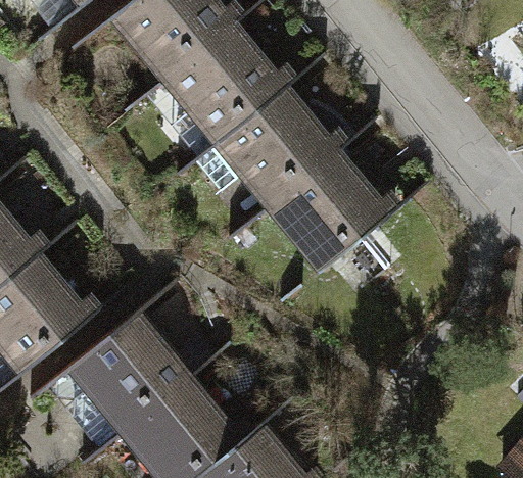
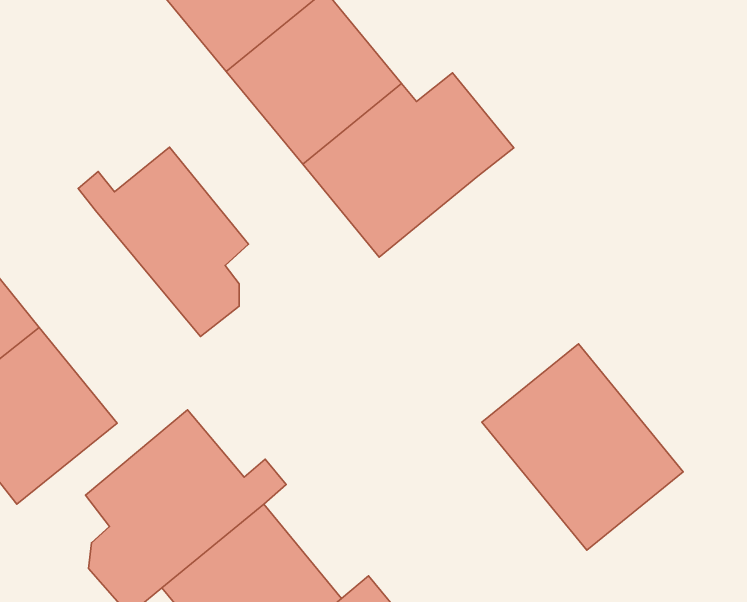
building: none -> [78,147,249,337]
building: [268,149,388,270] -> none
building: none -> [482,344,683,550]

